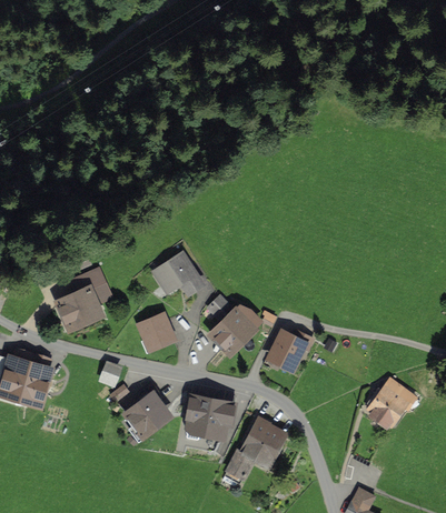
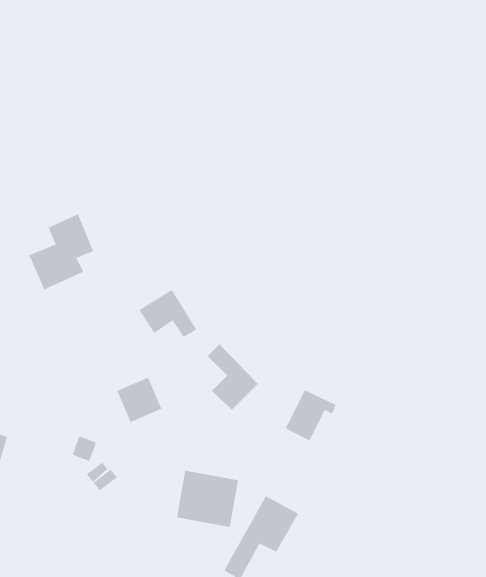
building: [58,274,110,335] -> [28,213,94,290]
building: [367,379,407,421] -> none
building: [122,399,168,443] -> none

